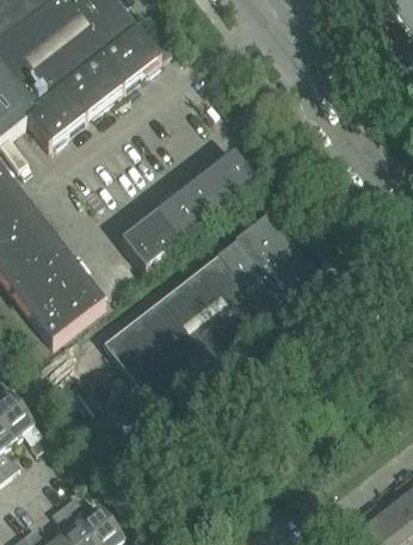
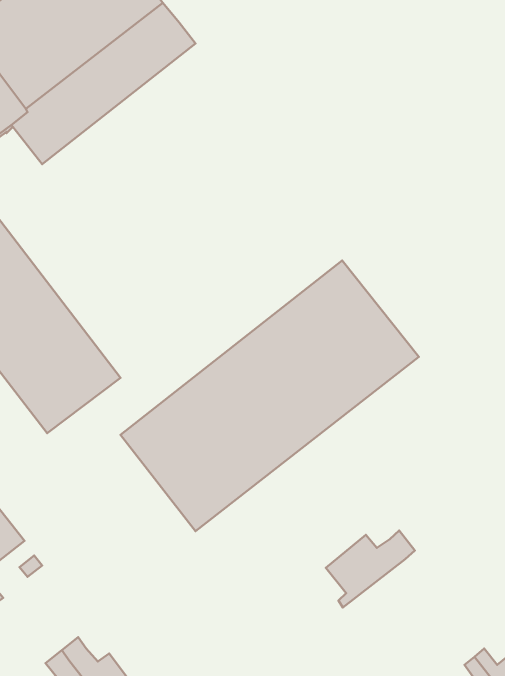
building: [121,149,257,268] -> none
building: none -> [326,531,415,608]

